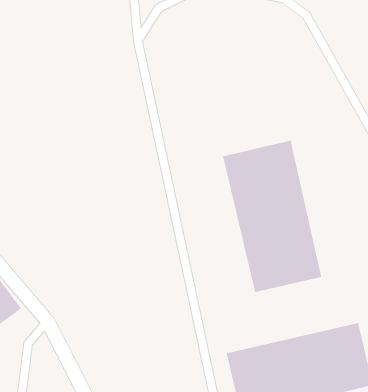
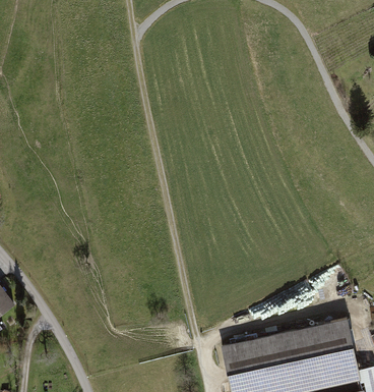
building: [223,140,322,293] -> none

